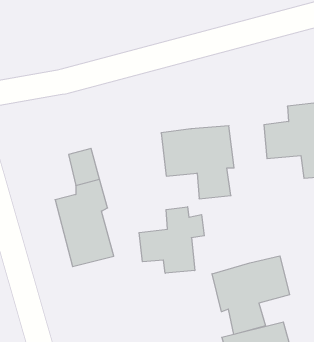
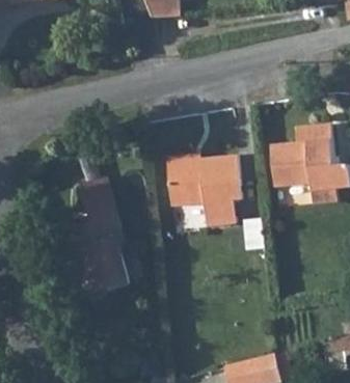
building: [139,207,204,273] -> none
building: [212,256,290,334] -> none

